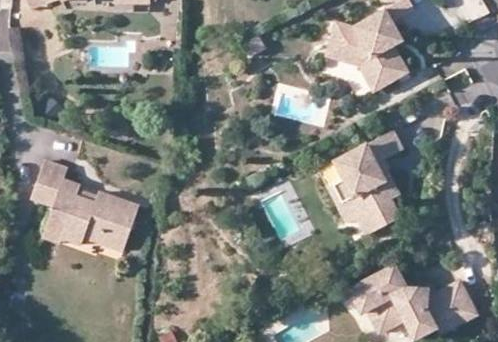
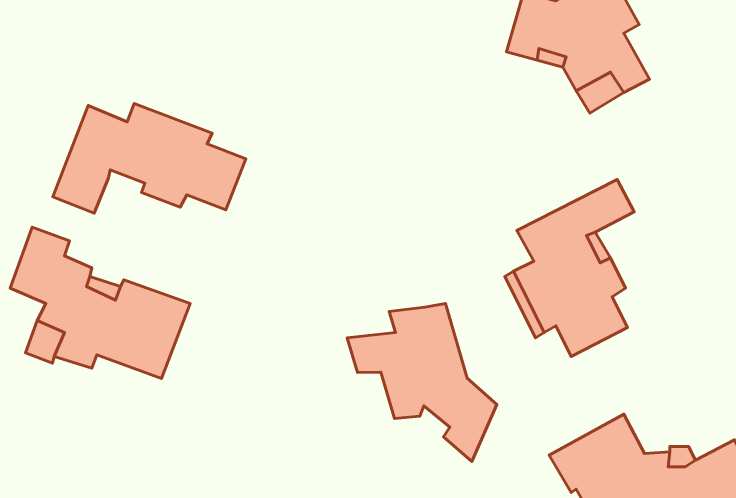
building: none -> [53,103,246,213]
building: none -> [347,304,497,462]

